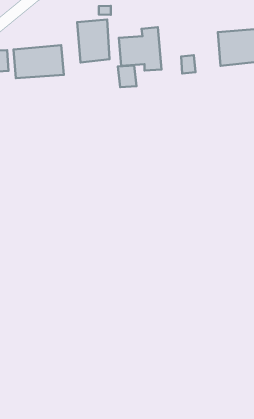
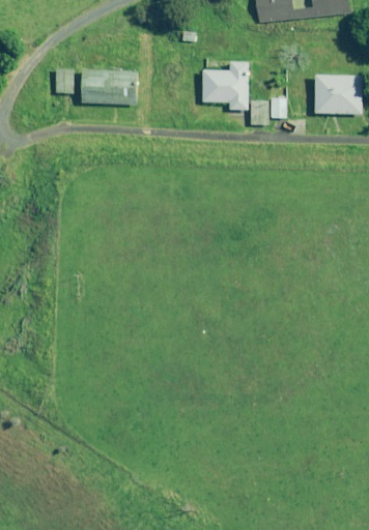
building: [77,20,109,63] -> none
building: [118,66,136,87] -> [249,99,267,124]

